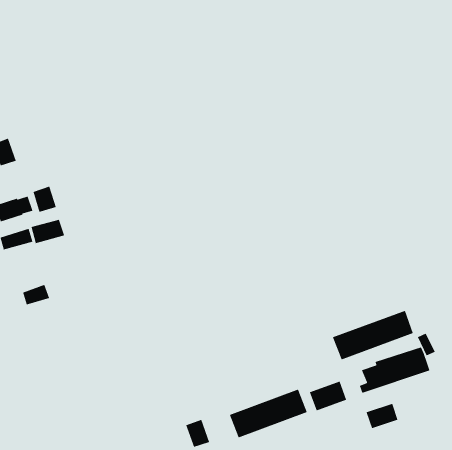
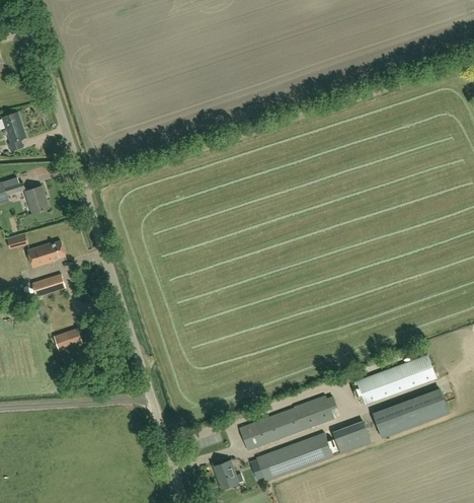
building: [32,185,57,213] -> none
building: [31,219,65,244] -> none
building: none -> [238,394,332,449]
building: [366,403,399,429] -> none

